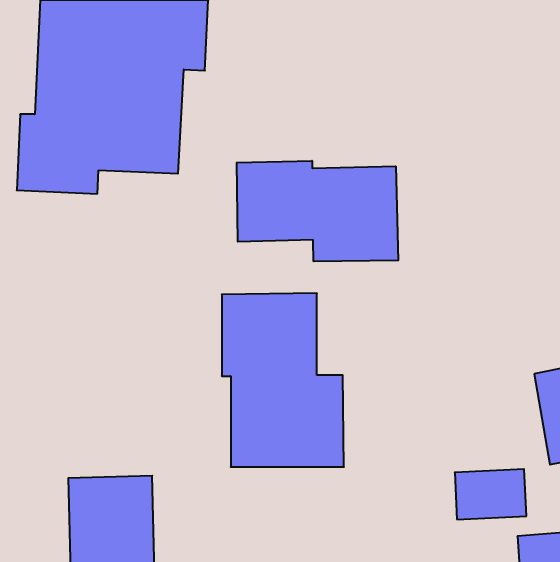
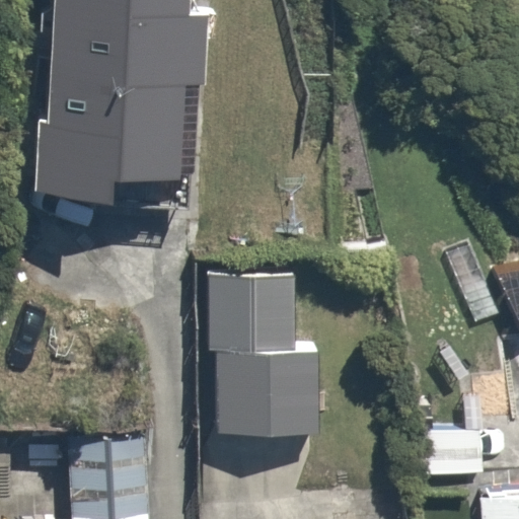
building: [237,161,398,261] -> none

